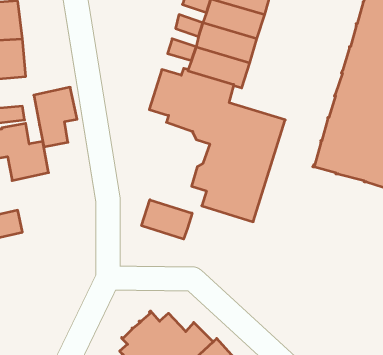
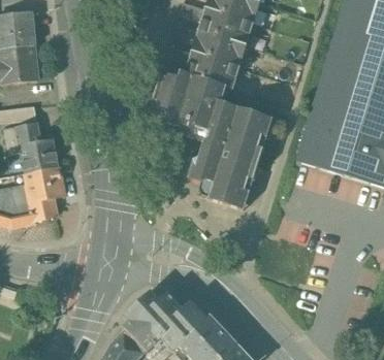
building: [34,87,77,147] -> [26,165,65,219]
building: [142,200,192,239] -> none

